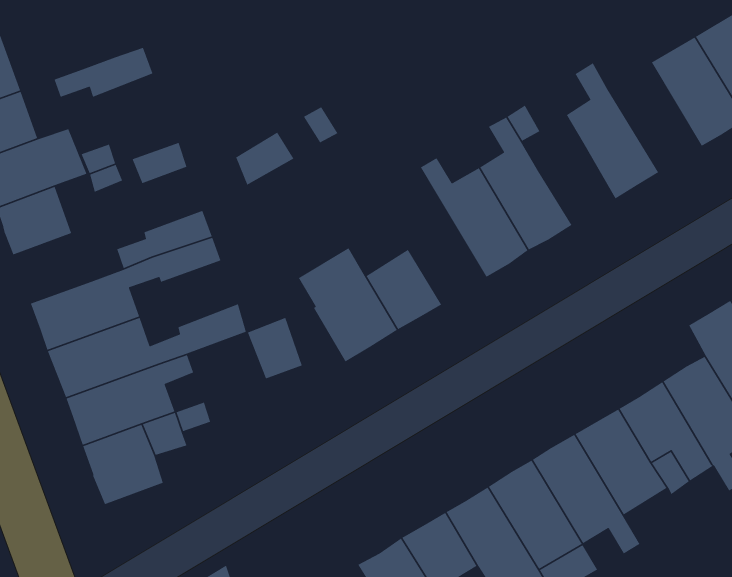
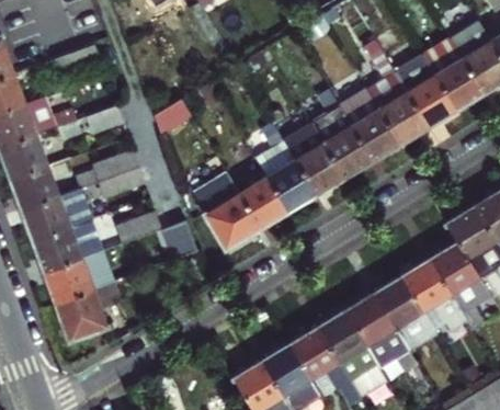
building: none -> [375,32,455,125]
building: none -> [350,106,399,159]
building: none -> [254,122,316,210]
building: none -> [10,164,60,209]

